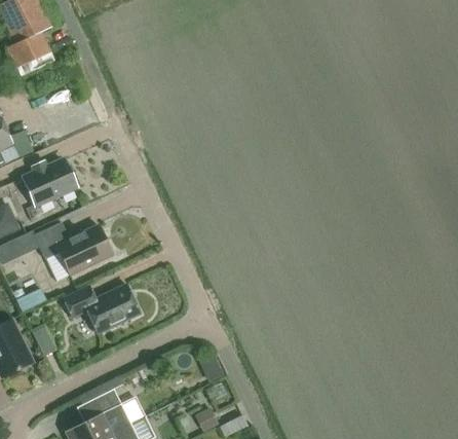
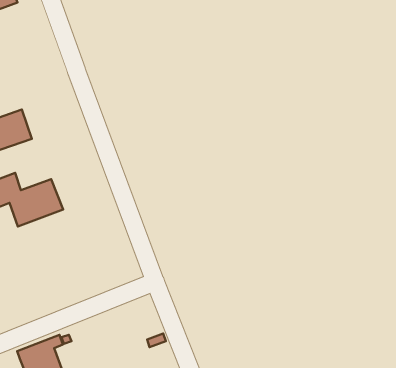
building: [63,284,140,334] -> none

